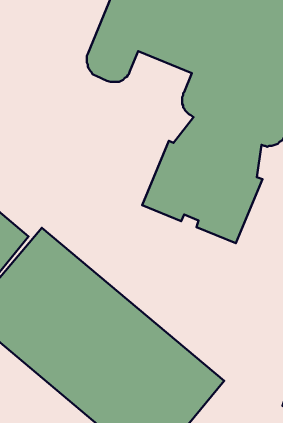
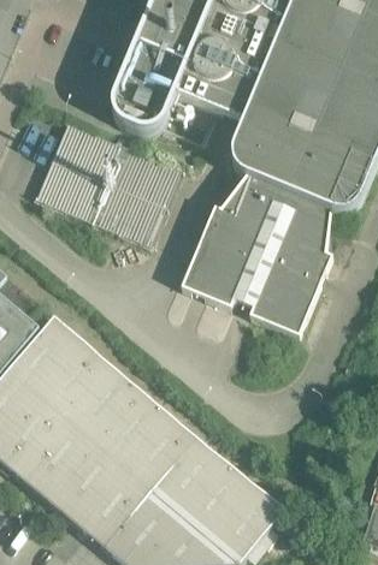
building: none -> [33,120,182,245]

